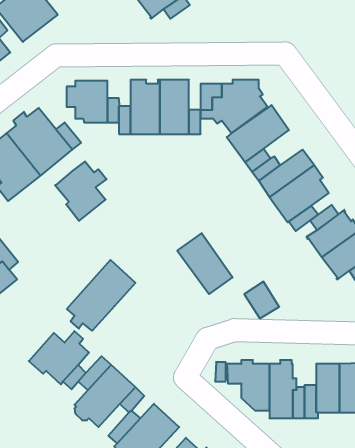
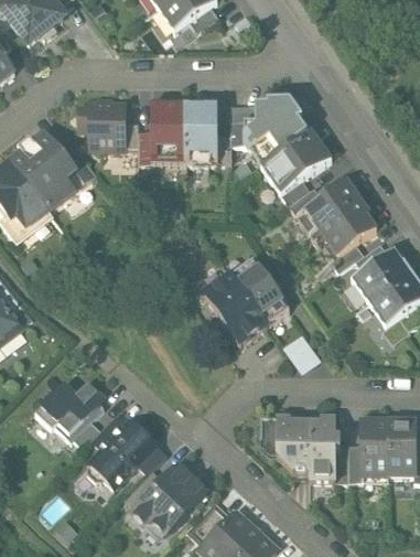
building: [55,161,107,221] -> none
building: none -> [231,256,289,322]
building: [67,260,135,331] -> none

